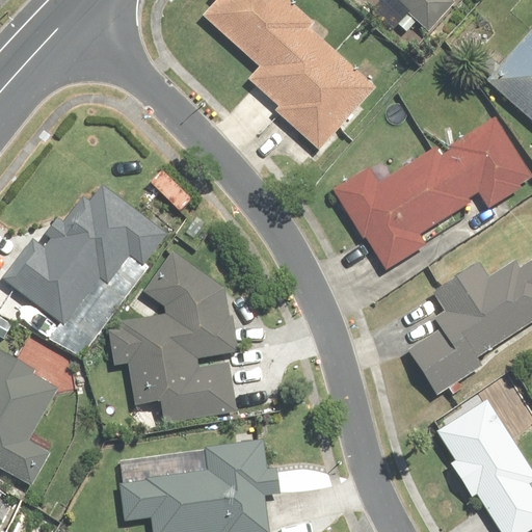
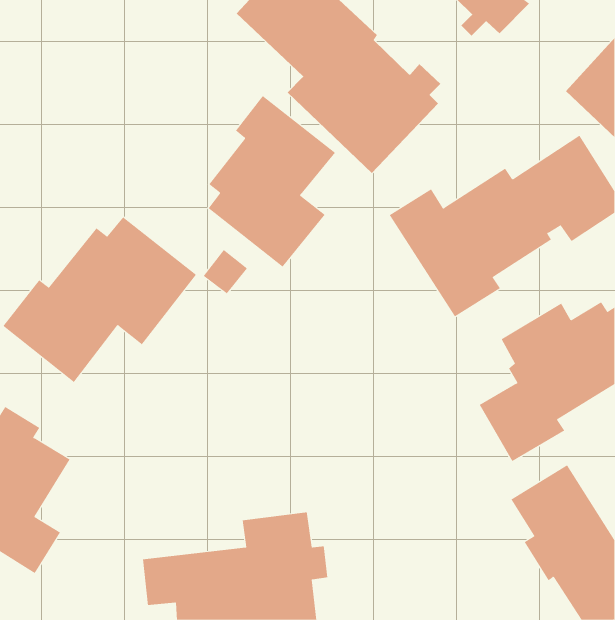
building: none -> [208,95,336,268]
building: [111,248,240,425] -> none

